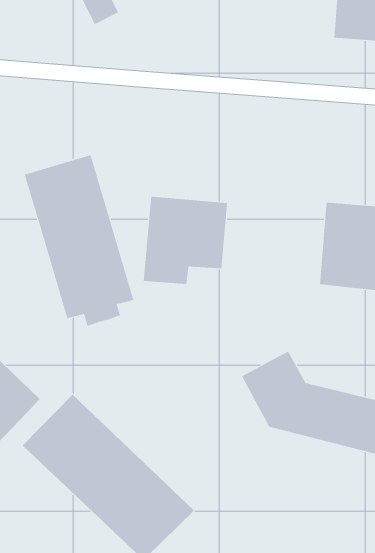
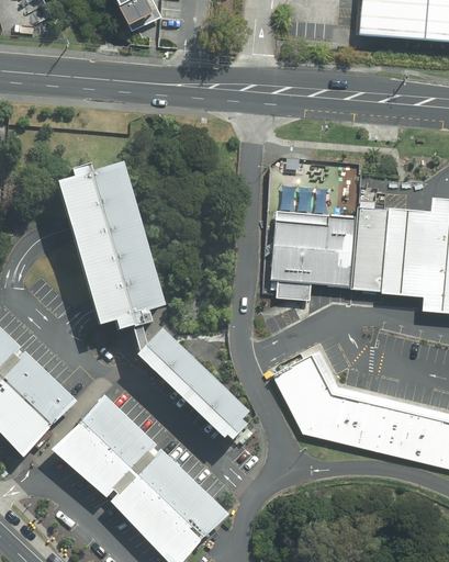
building: [143,196,228,284] -> [267,212,351,300]
building: none -> [141,327,250,438]

